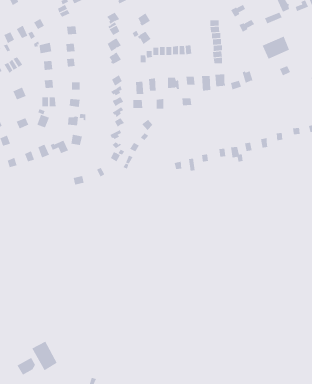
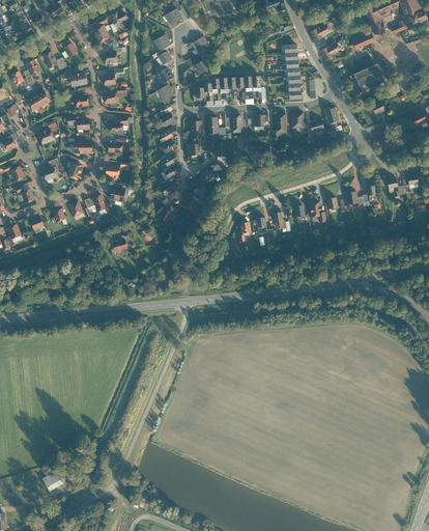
building: [32,341,58,371] -> none

